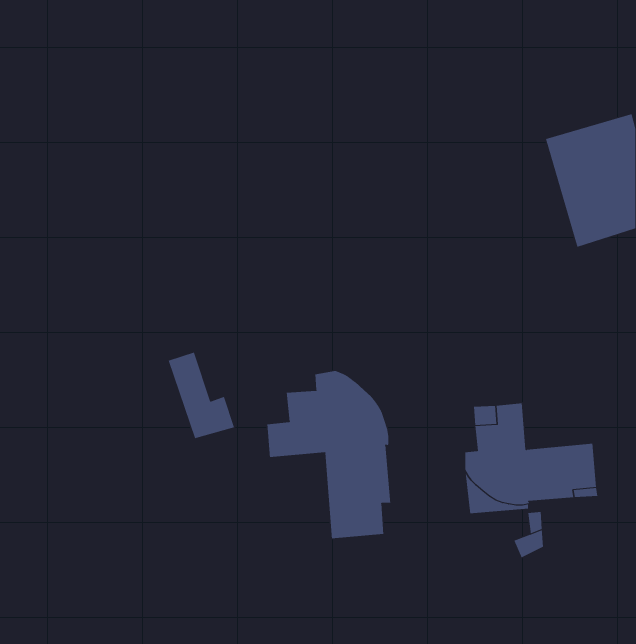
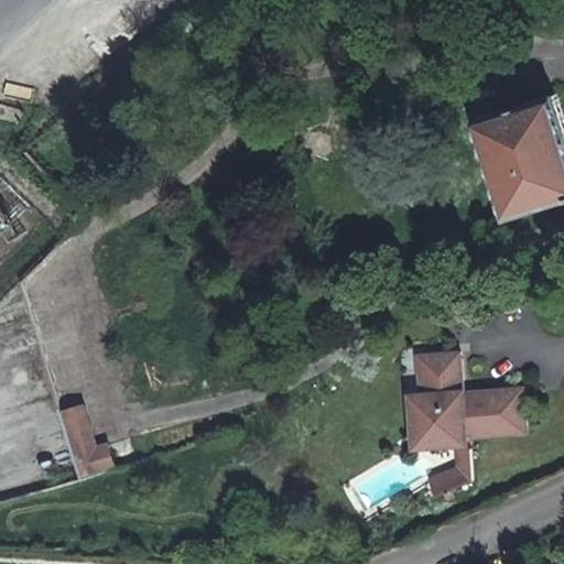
building: [168,352,235,439] -> [54,402,112,478]
building: [267,370,391,539] -> none

